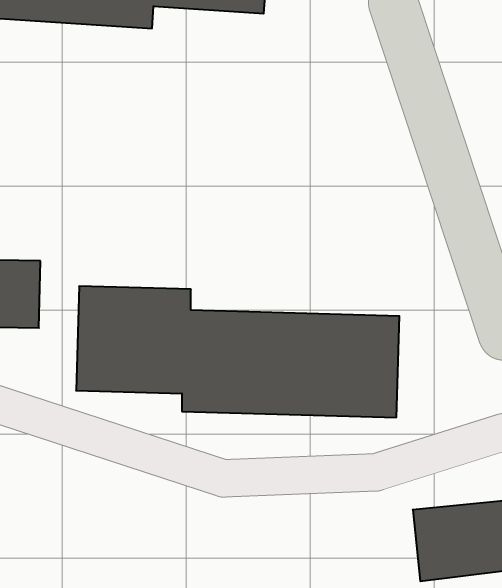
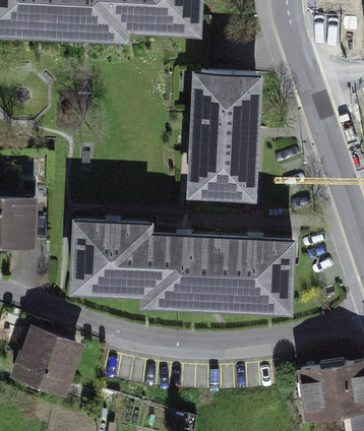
building: none -> [189,73,260,198]
building: none -> [21,329,88,394]

